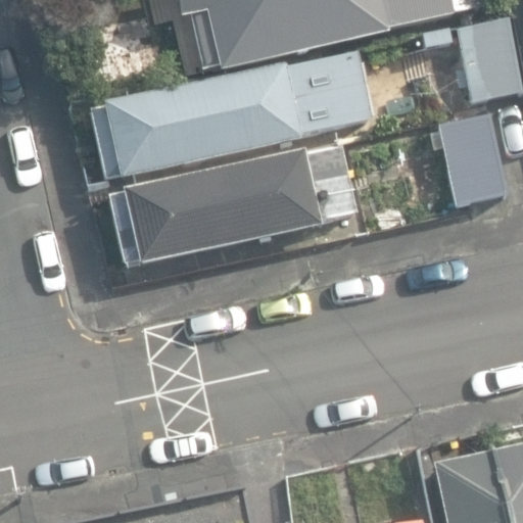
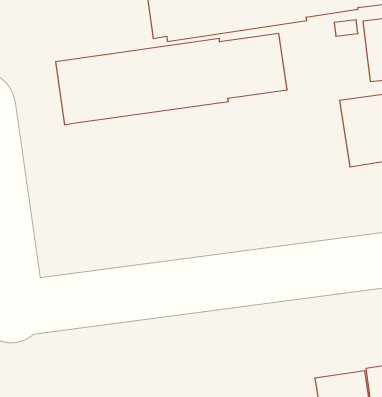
building: [109,143,358,265] -> none

